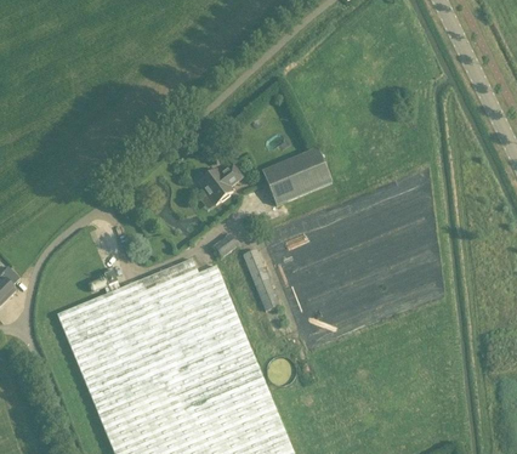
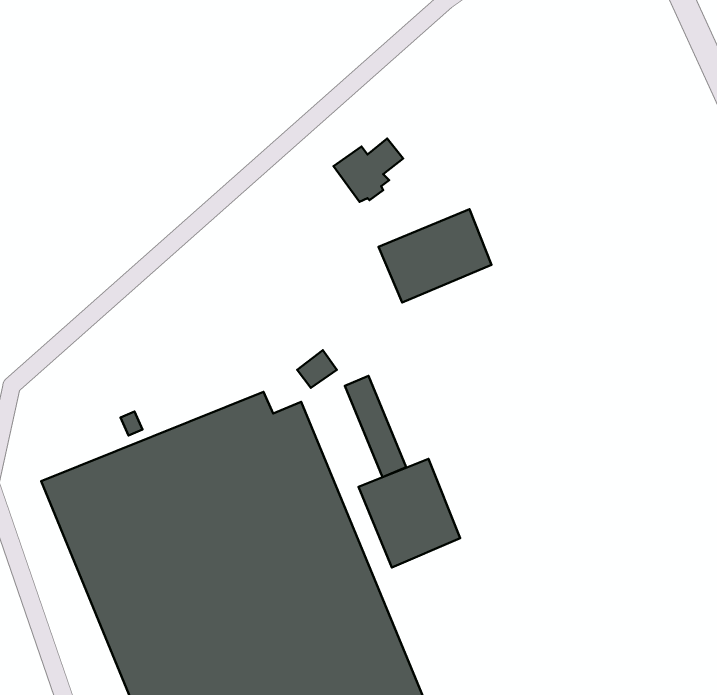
building: [199,165,242,204] -> [334,139,403,202]
building: none -> [359,459,460,567]

